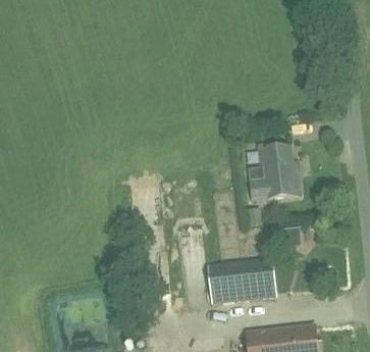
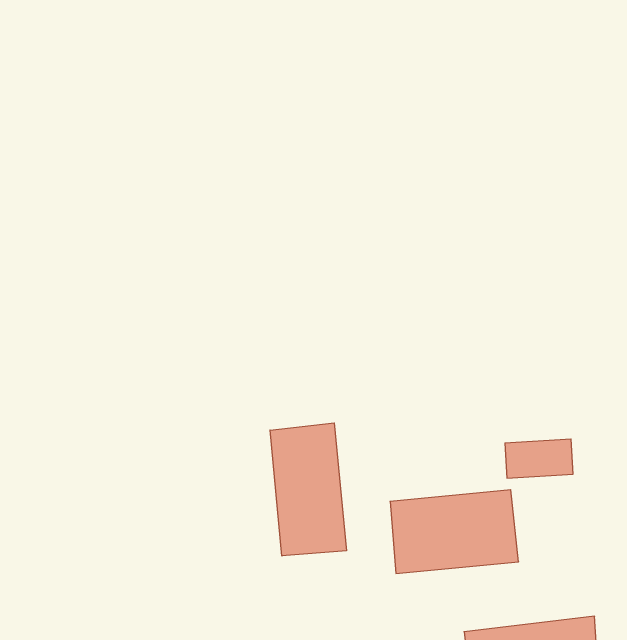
building: [251,141,301,199] -> none
building: none -> [270,423,346,556]

